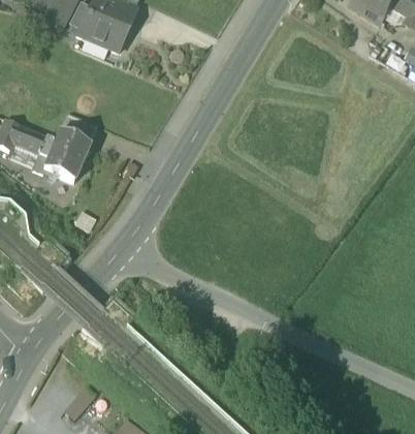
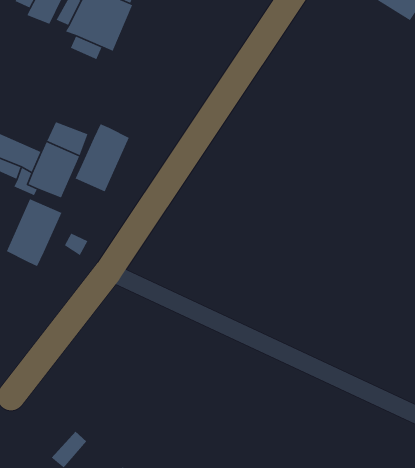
building: none -> [75,123,130,192]
building: none -> [6,198,62,267]

